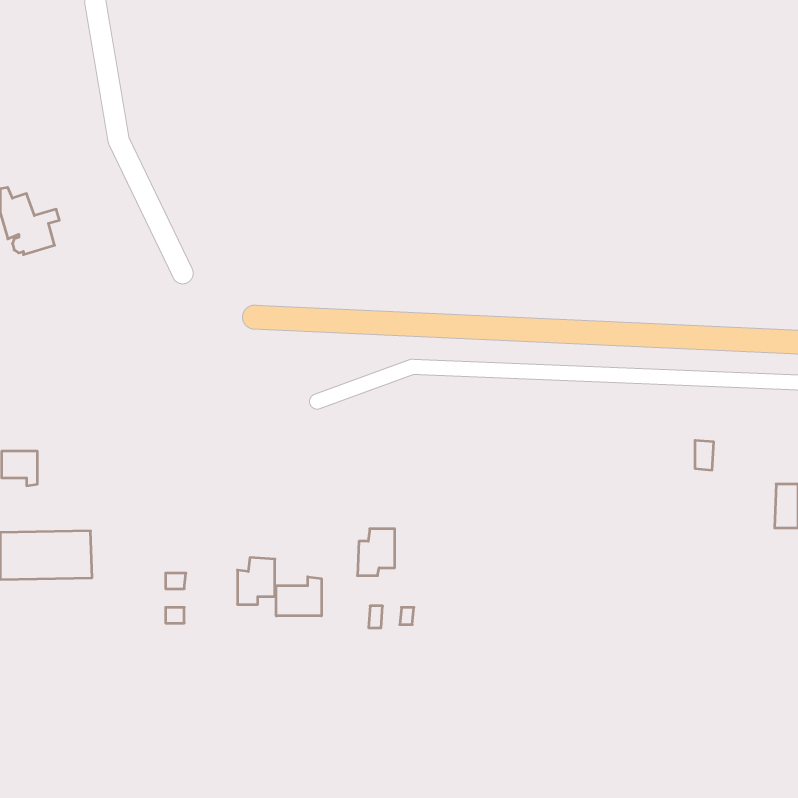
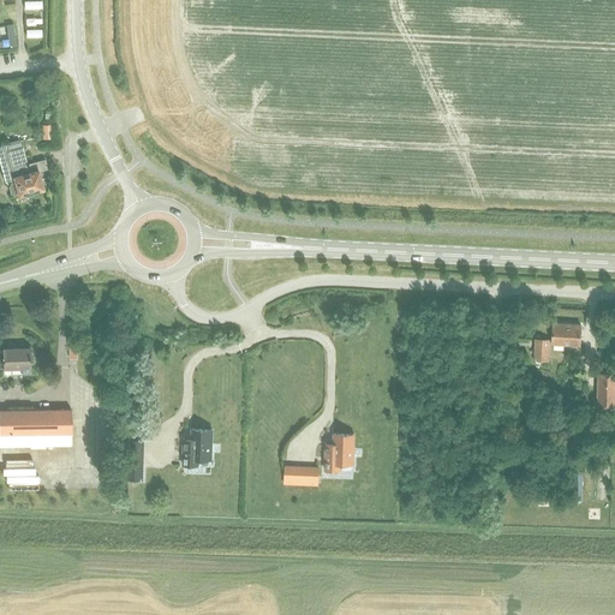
building: none -> [553,323,580,345]
building: [357,529,395,576] -> [324,434,353,470]
building: [276,577,321,616] -> none

